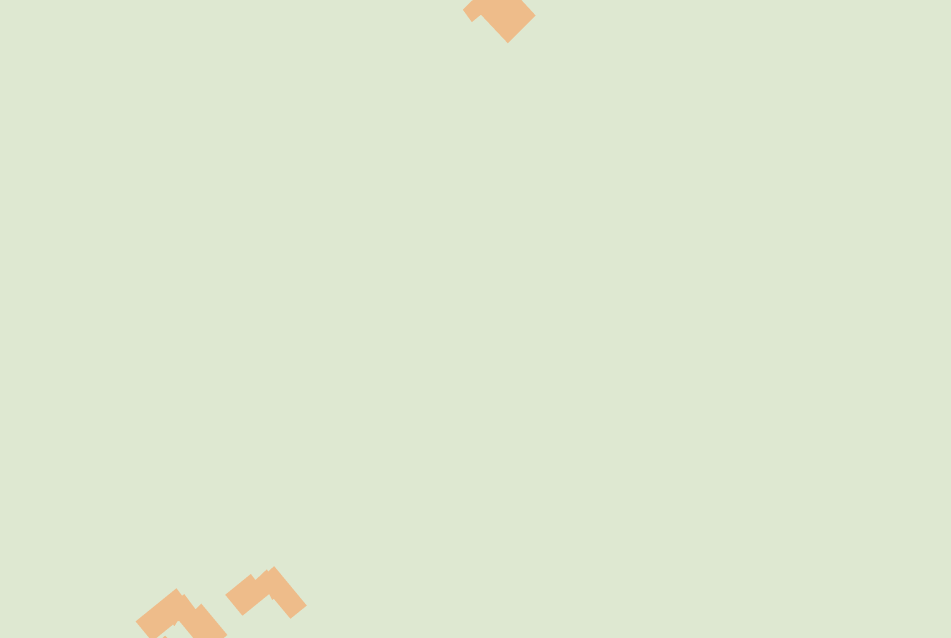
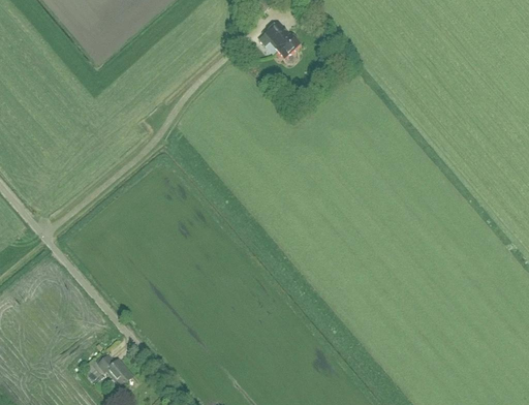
building: [224,565,308,620] -> none

